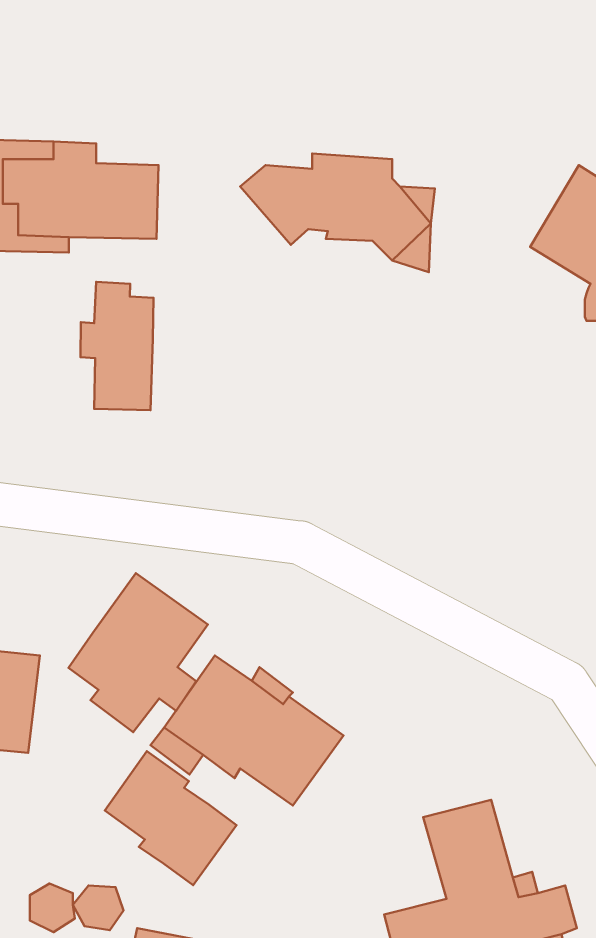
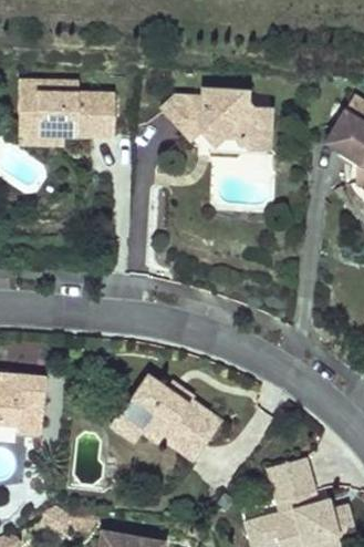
building: [80,282,153,410] -> none
building: [69,573,208,732] -> none
building: [105,751,236,885] -> none

